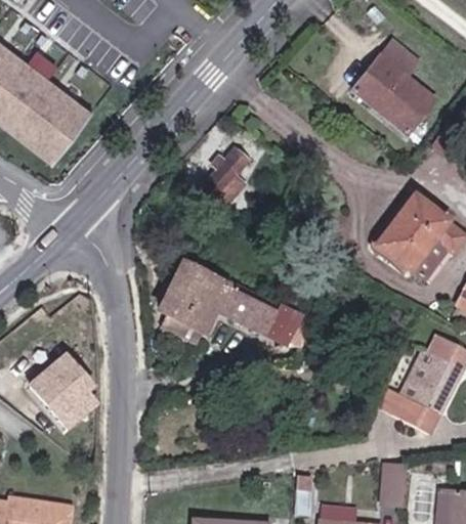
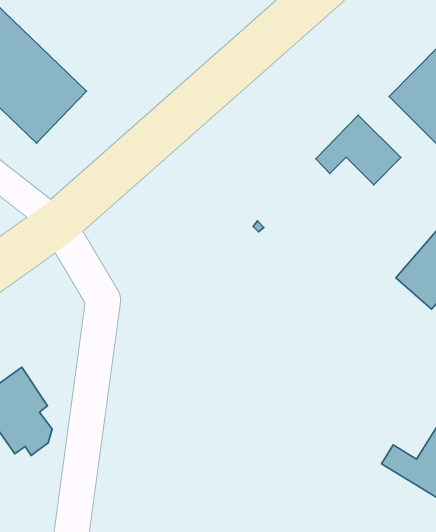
building: none -> [316,115,401,185]
building: [204,150,250,204] -> none
building: [160,267,301,345] -> none

